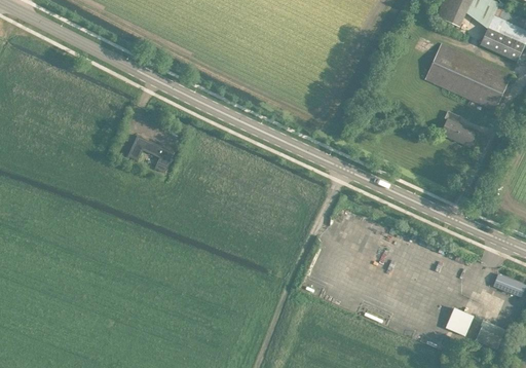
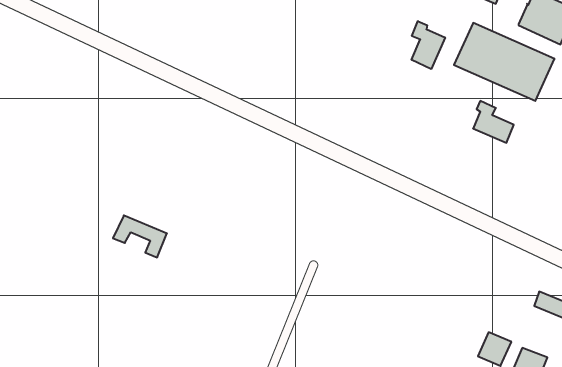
building: none -> [412,21,445,69]
building: [128,136,175,172] -> [113,215,167,257]

